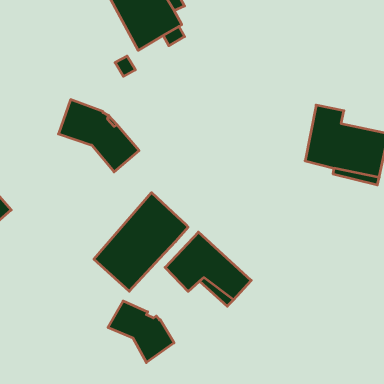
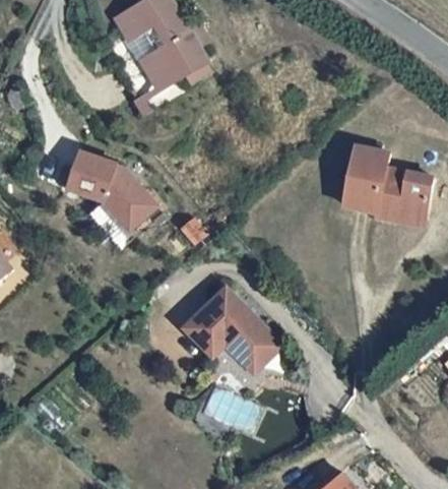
building: [94,193,188,291] -> none
building: [108,301,174,363] -> none

